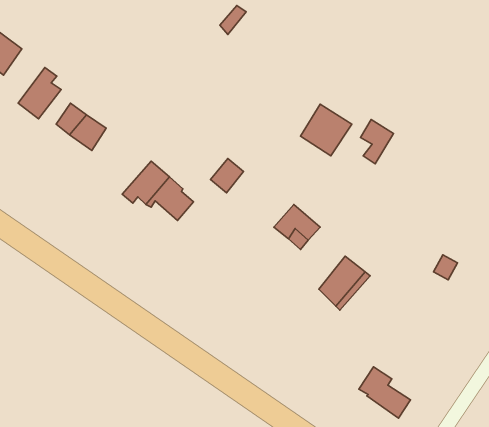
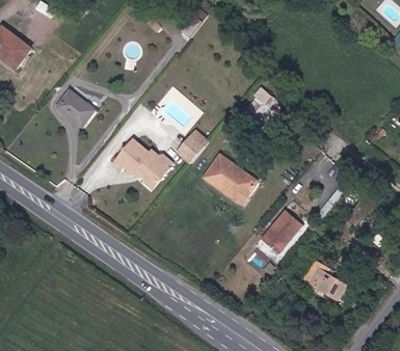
building: [18,67,61,119] -> none
building: [360,120,394,164] -> none
building: none -> [213,157,242,188]
building: [359,367,410,418] -> [306,255,347,296]

